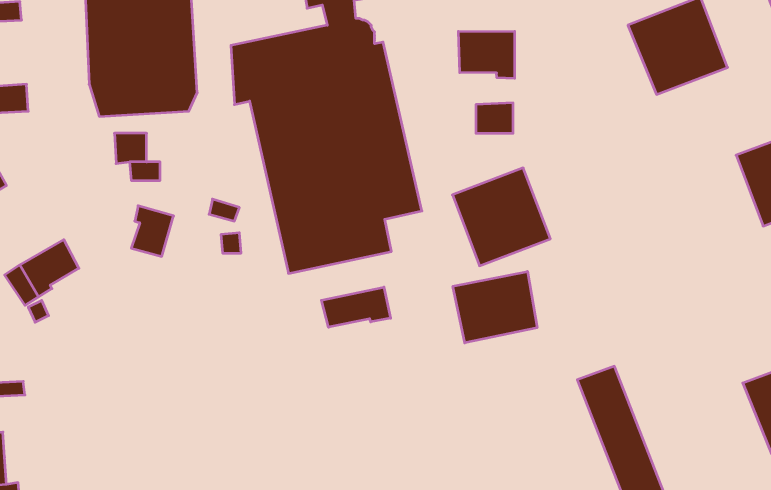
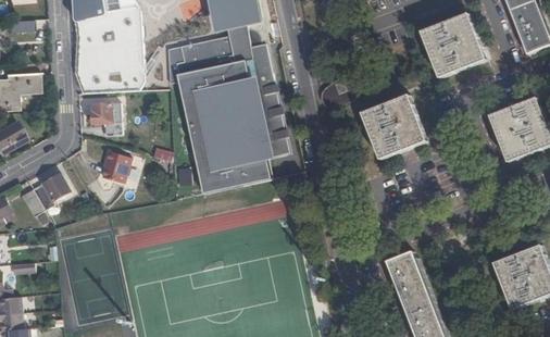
building: [458,31,515,78] -> none
building: [452,168,550,266] -> [363,97,426,160]
building: [453,271,537,343] -> none
building: [321,287,391,327] -> none

